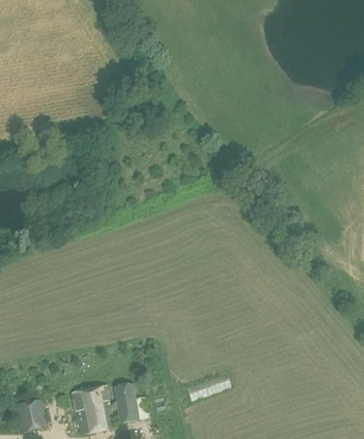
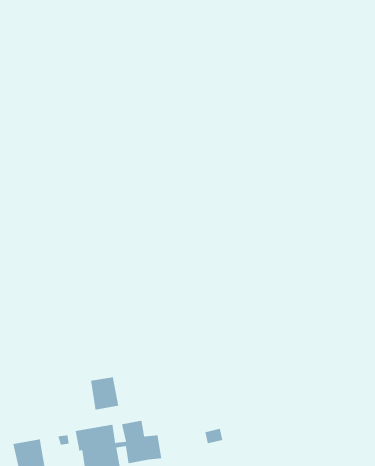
building: none -> [91,376,119,411]

